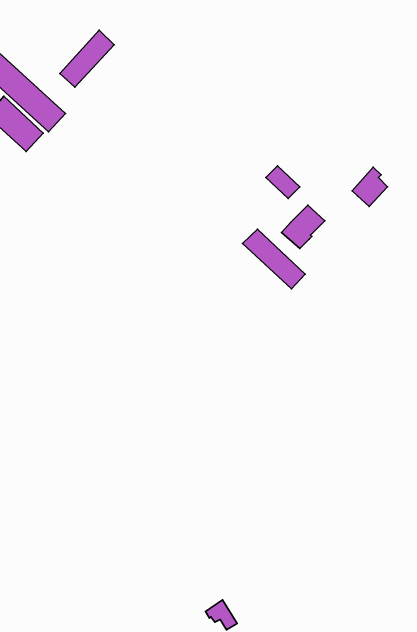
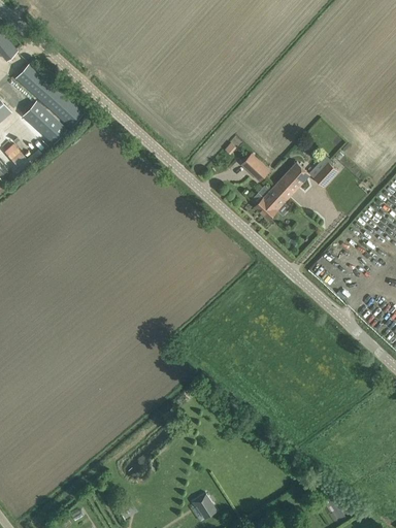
building: [60,30,114,87] -> none
building: none -> [273,163,308,199]
building: [243,229,305,289] -> none

